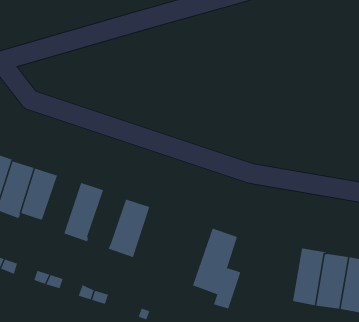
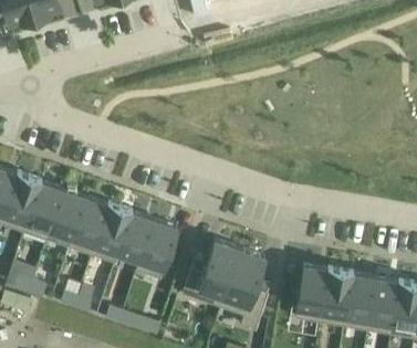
building: none -> [67,196,107,253]
building: none -> [115,211,153,263]
building: none -> [181,240,239,305]
building: none -> [295,264,327,320]

